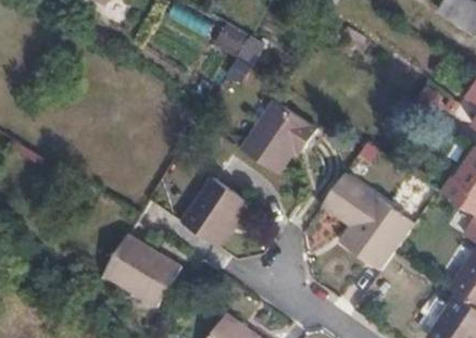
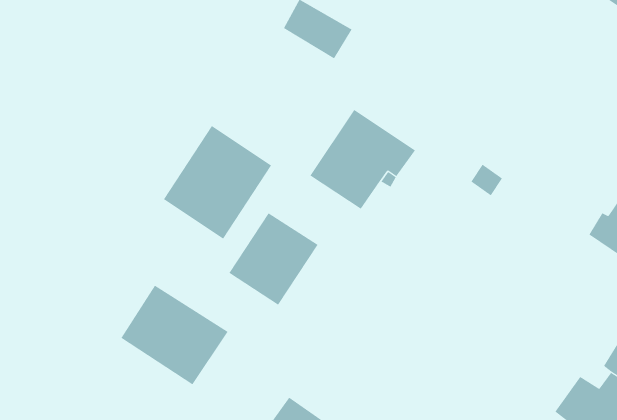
building: none -> [163,125,272,240]
building: [320,175,413,273] -> none

